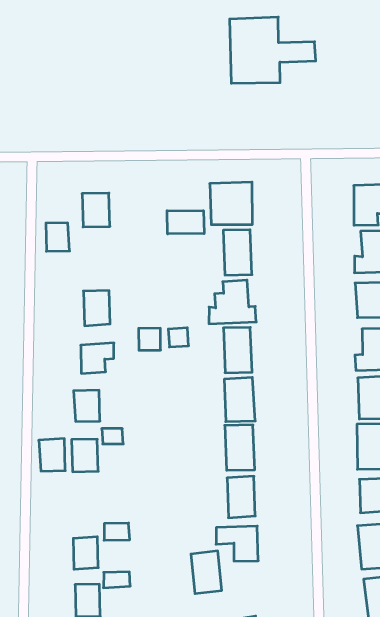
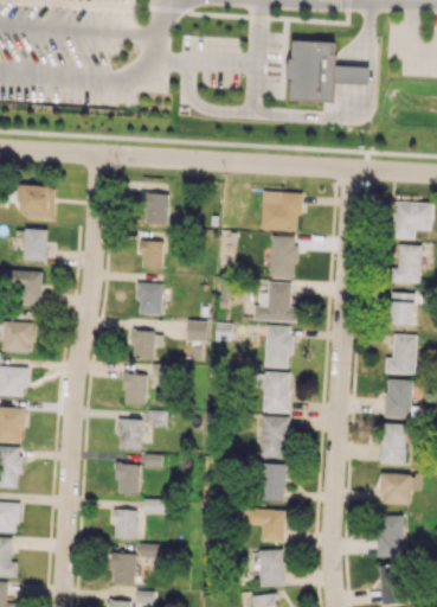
building: [167,211,204,234] -> none
building: [46,223,70,251] -> [142,241,163,268]
building: [39,439,65,471] -> [117,464,141,493]
building: [191,551,222,594] -> [259,549,285,587]

